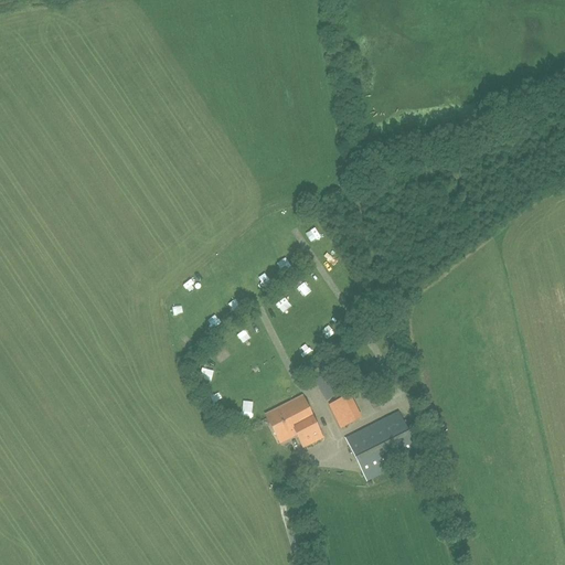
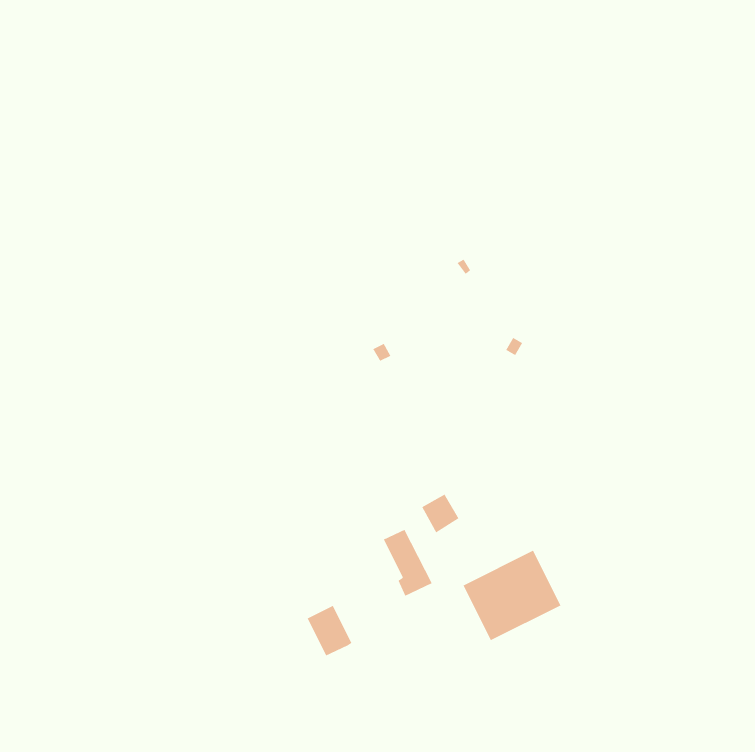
building: [329,393,362,427] -> none
building: [266,403,300,441] -> [307,605,352,656]

